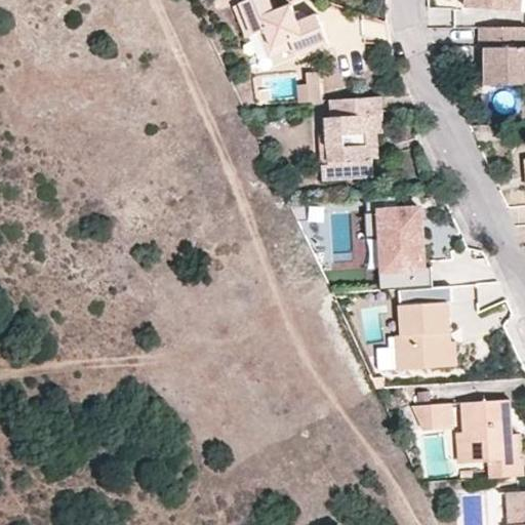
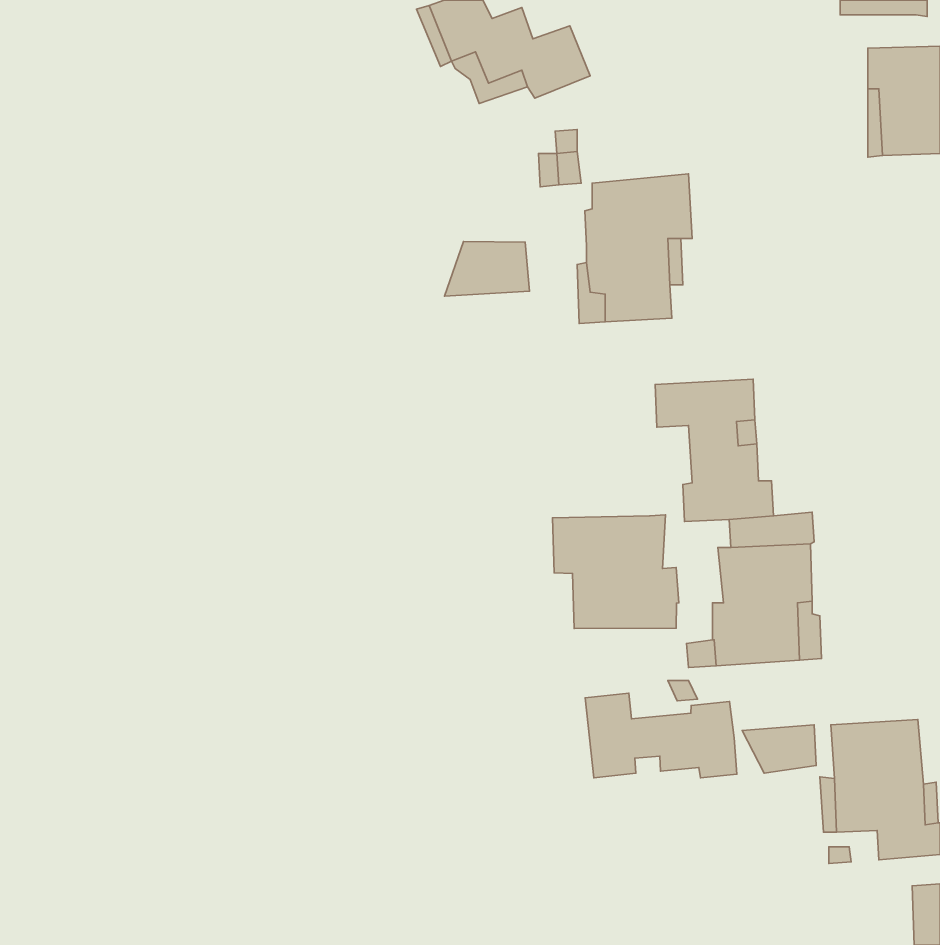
building: none -> [444,242,529,296]
building: none -> [553,515,679,629]
building: none -> [585,693,737,778]

